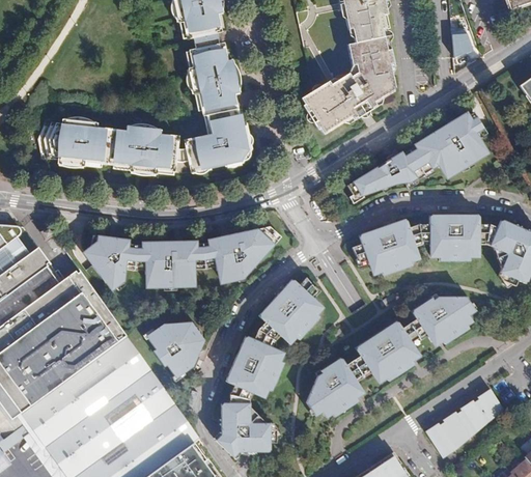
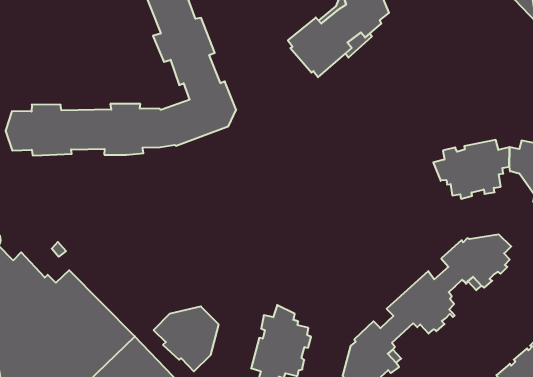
building: [340,113,487,207] -> none
building: [352,218,422,274] -> none
building: [73,231,274,297] -> none
building: [258,277,320,341] -> none

